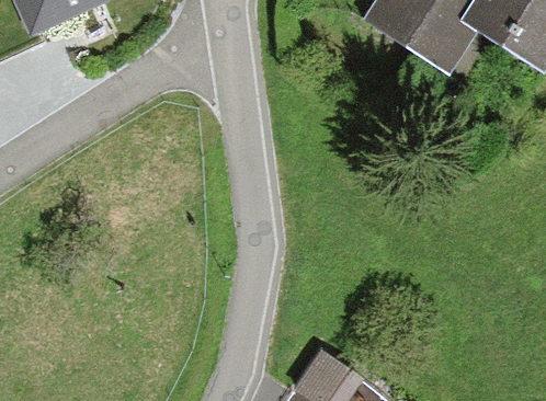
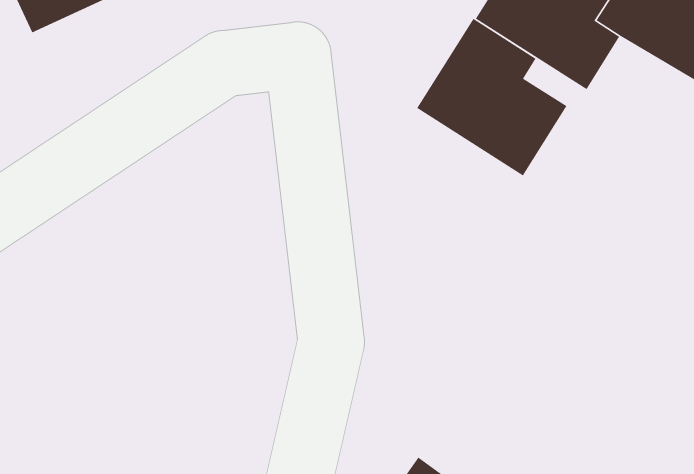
building: none -> [416,18,568,176]

